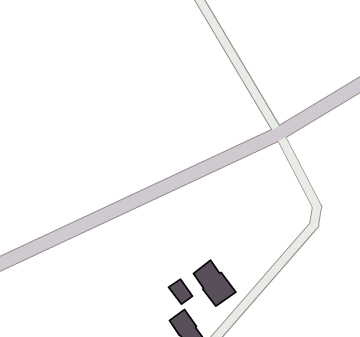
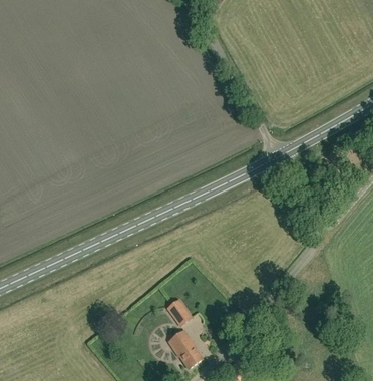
building: [193,260,236,306] -> none

